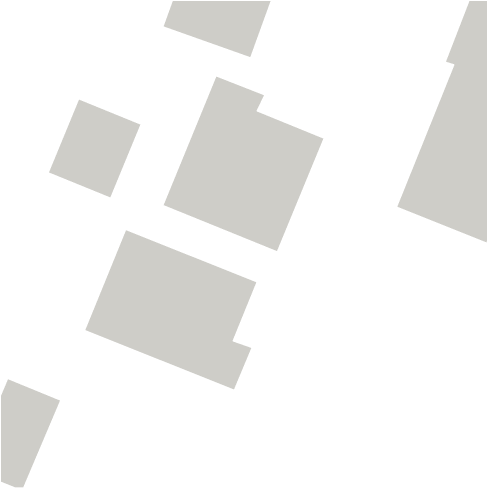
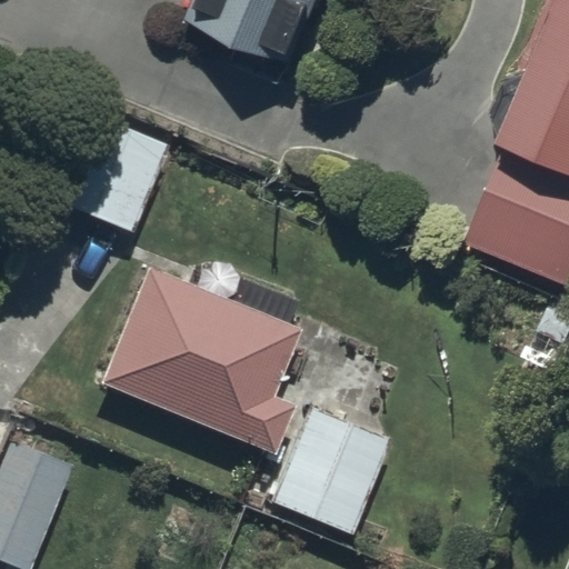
building: [162,75,325,252] -> none
building: none -> [273,409,390,535]

